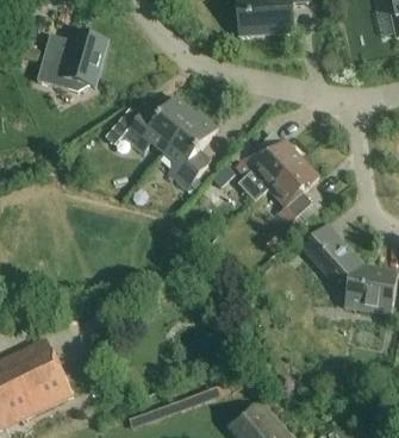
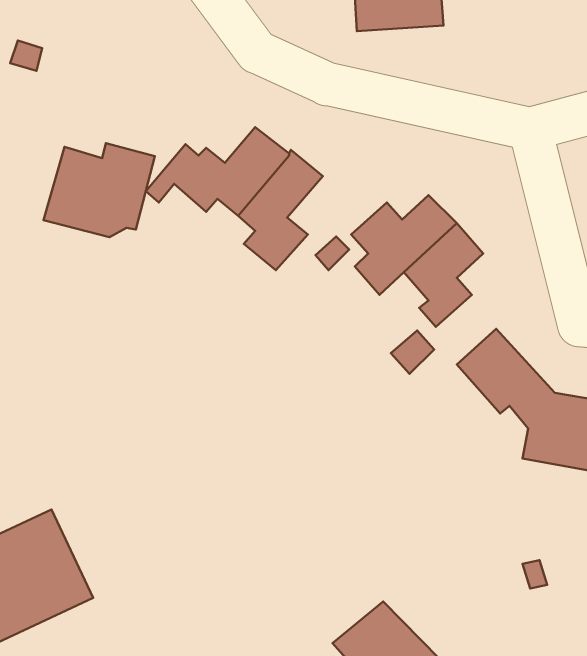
building: [37,31,107,90] -> [44,143,155,237]

